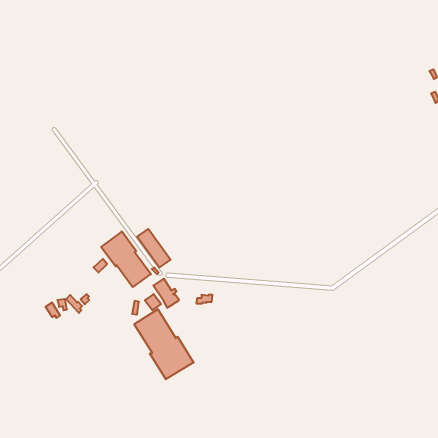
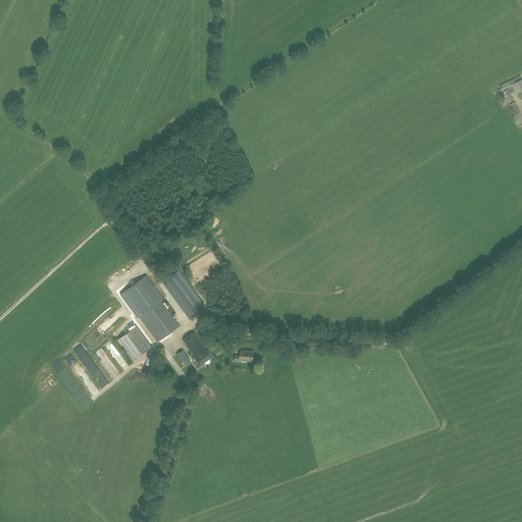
building: none -> [116,326,150,360]
building: [134,309,194,379] -> none

